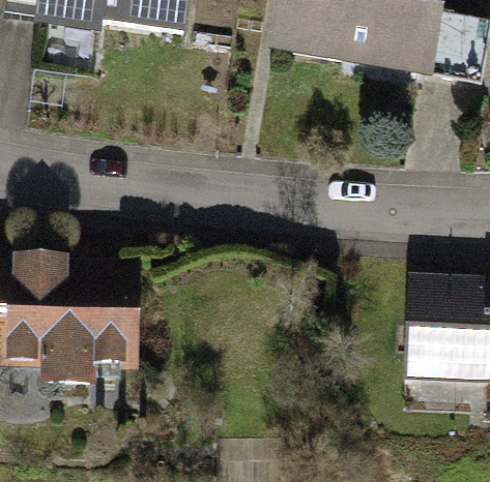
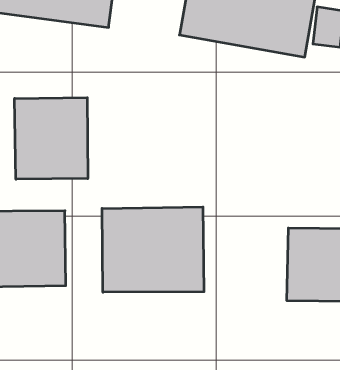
building: none -> [15,98,88,179]
building: none -> [102,207,204,292]

